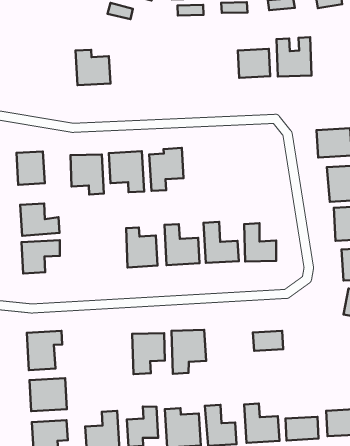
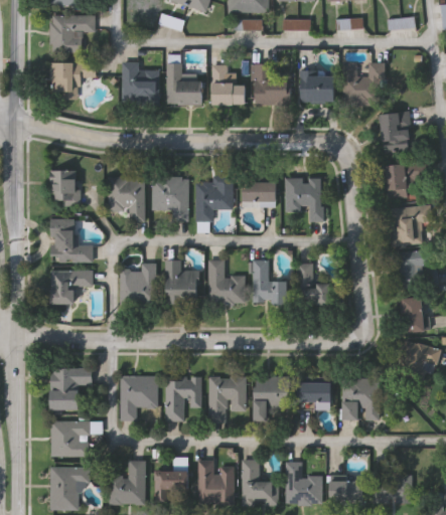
building: none -> [50,15,83,52]
building: none -> [255,63,290,105]
building: none -> [166,62,202,105]
building: none -> [212,65,243,105]
building: none -> [49,62,96,93]
building: none -> [381,113,411,152]
building: none -> [285,178,324,221]
building: none -> [242,182,276,203]
building: none -> [120,264,155,304]
building: none -> [342,379,380,420]
building: none -> [253,376,290,421]
building: none -> [120,377,158,421]

